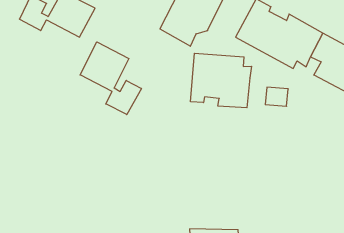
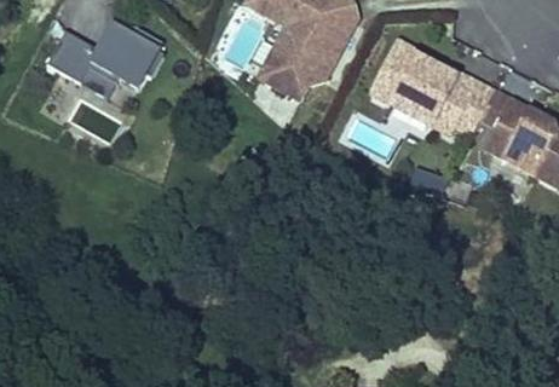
building: [80,42,141,115] -> none
building: [191,53,251,108] -> none

